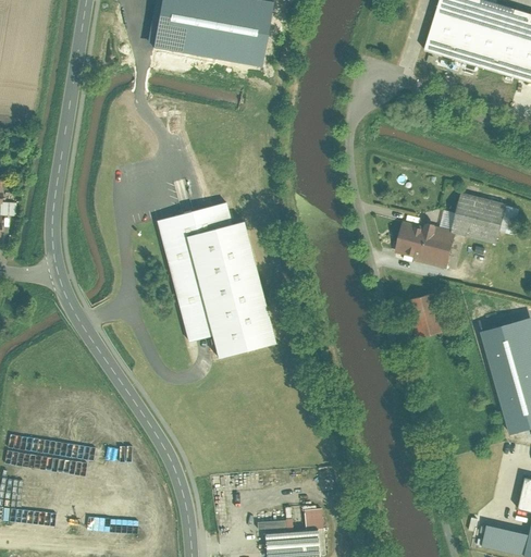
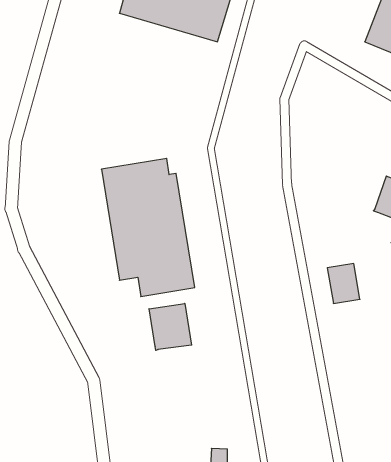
building: [396,220,457,265] -> none
building: none -> [149,303,192,350]

